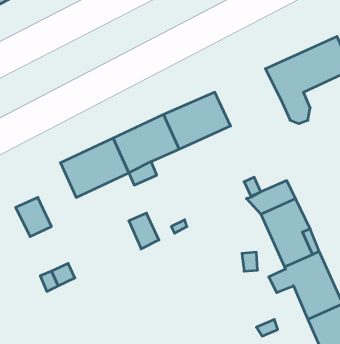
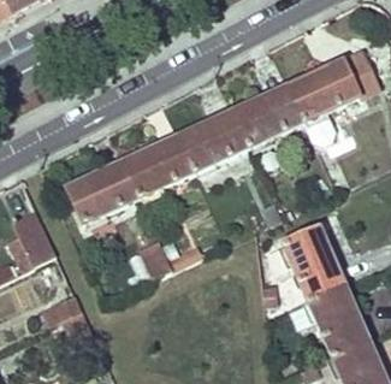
building: none -> [232,85,304,147]

